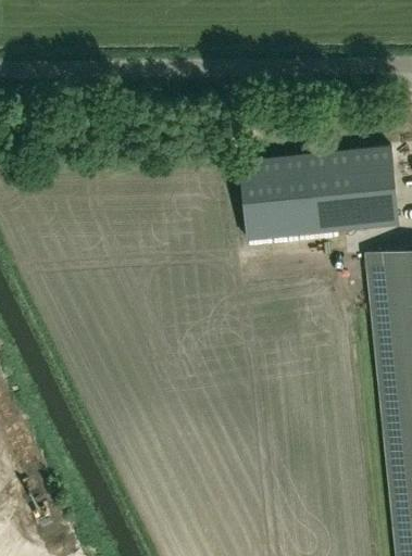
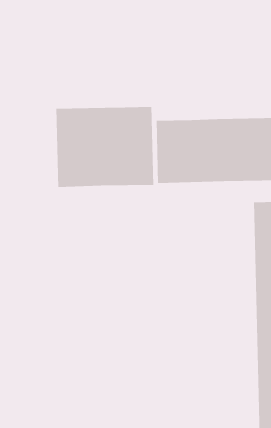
building: none -> [55,106,154,188]

